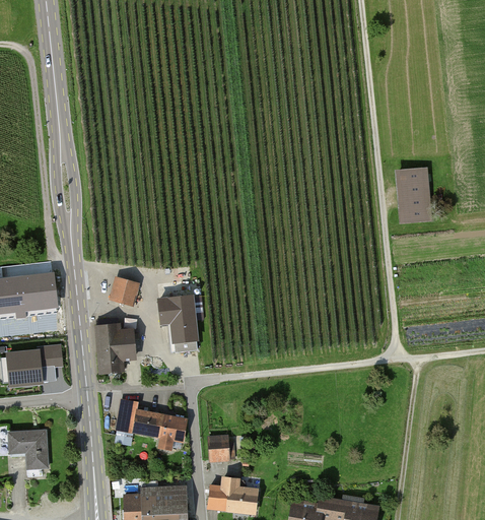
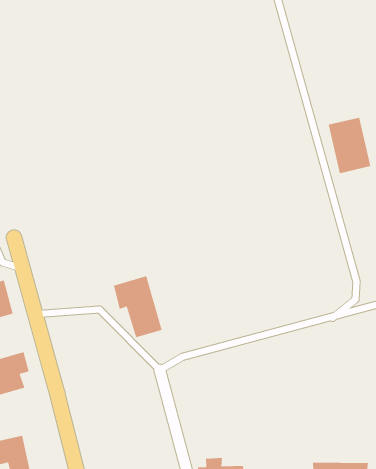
building: [110,274,141,303] -> none
building: [94,327,135,375] -> none
building: [118,397,186,439] -> none
building: [210,439,229,461] -> none

